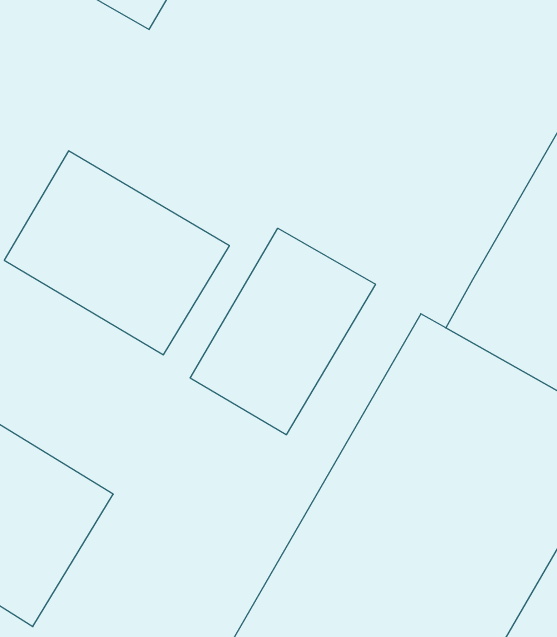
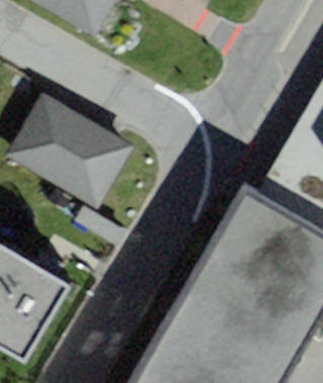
building: [190,228,375,435] -> none

